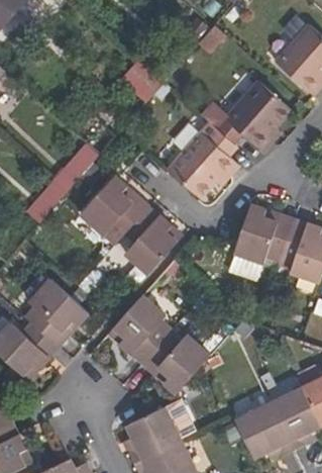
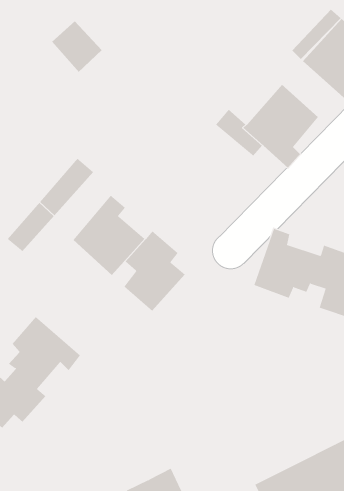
building: [123,60,167,104] -> [51,20,102,73]
building: [168,131,239,197] -> none
building: [114,295,210,393] -> none

